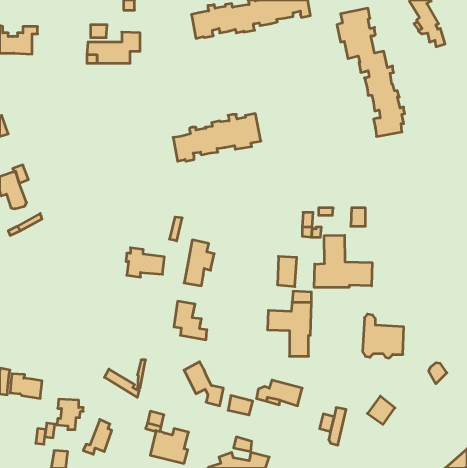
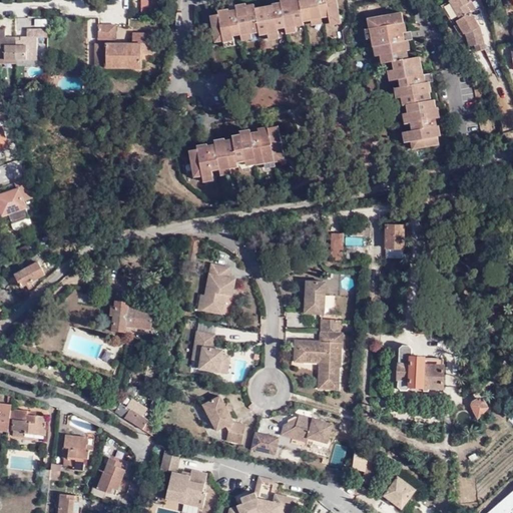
building: [314,235,372,287] -> none
building: none -> [13,262,43,289]
building: [126,248,164,277] -> [108,300,150,332]
building: [367,396,395,424] -> [384,477,414,508]

